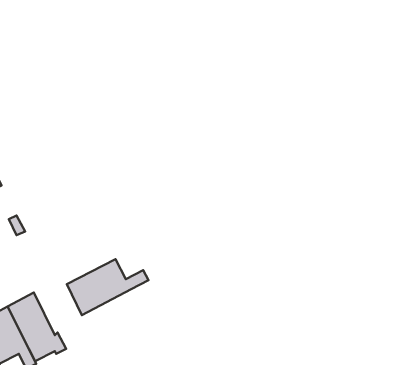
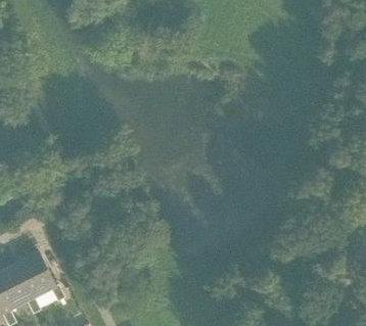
building: [67,259,149,315] -> none

